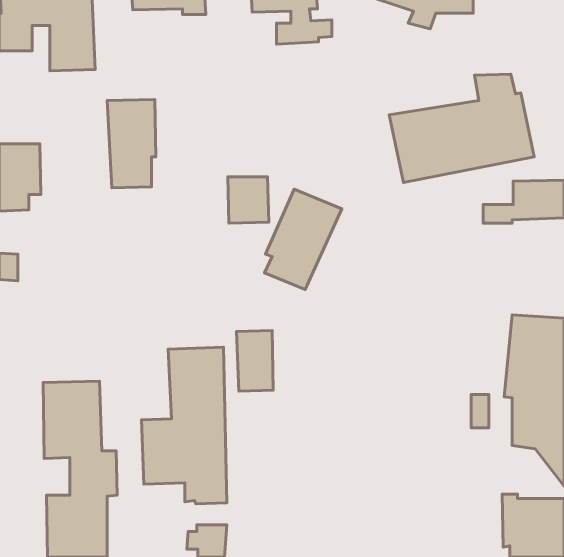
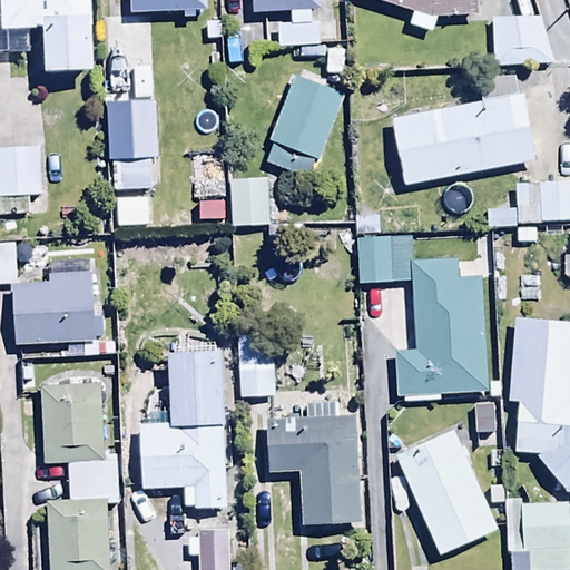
building: none -> [491,13,553,63]
building: [264,189,342,290] -> [266,76,344,177]
building: none -> [356,234,488,402]
building: none -> [14,272,96,345]
building: none -> [267,399,356,522]
building: none -> [397,428,501,556]

